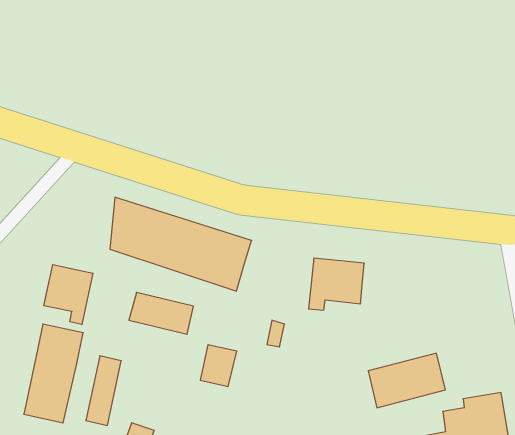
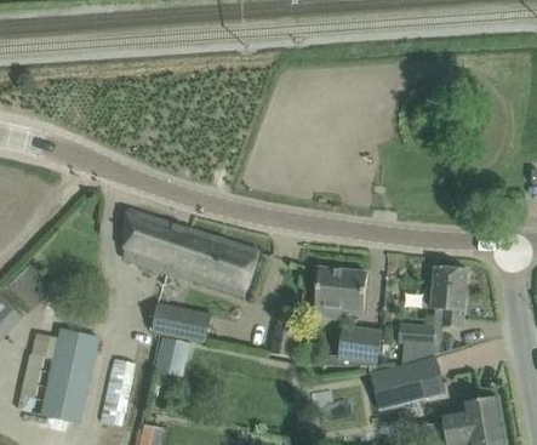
building: none -> [398,266,465,364]
building: [44,265,93,325] -> none
building: none -> [337,329,381,364]
building: [200,345,237,387] -> [154,336,189,376]

